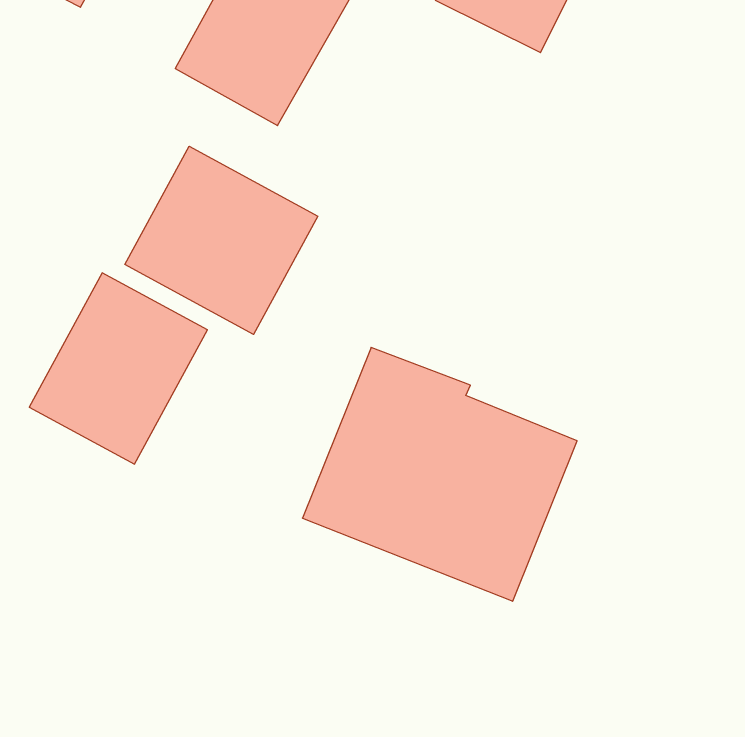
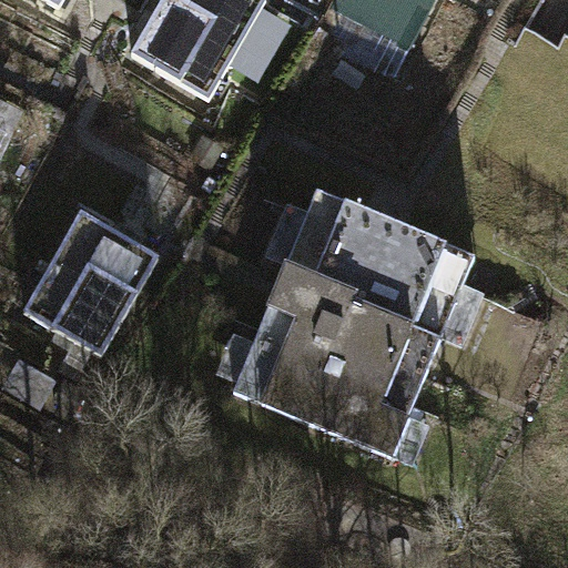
building: [125,146,318,334] -> none
building: none -> [283,186,474,335]

